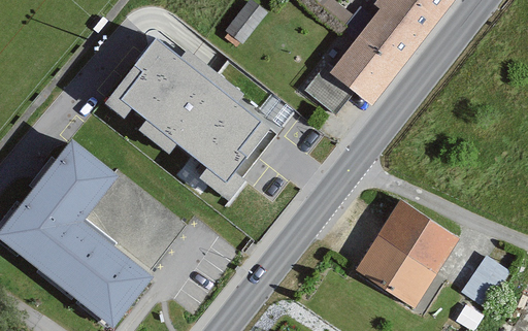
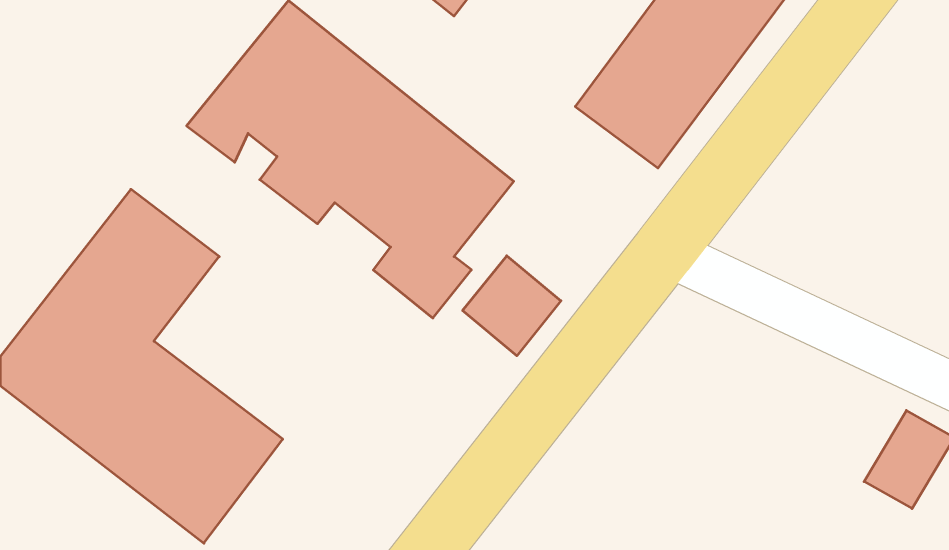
building: none -> [463,256,561,356]
building: [360,202,459,305] -> none

